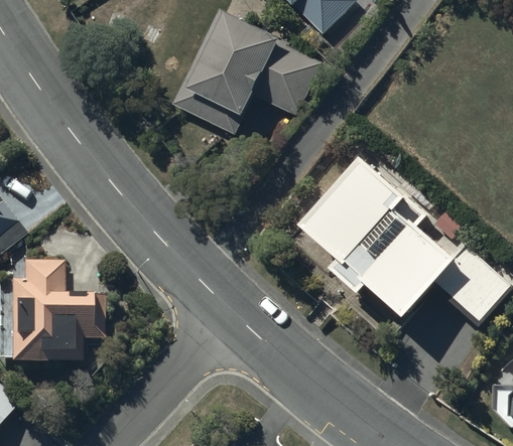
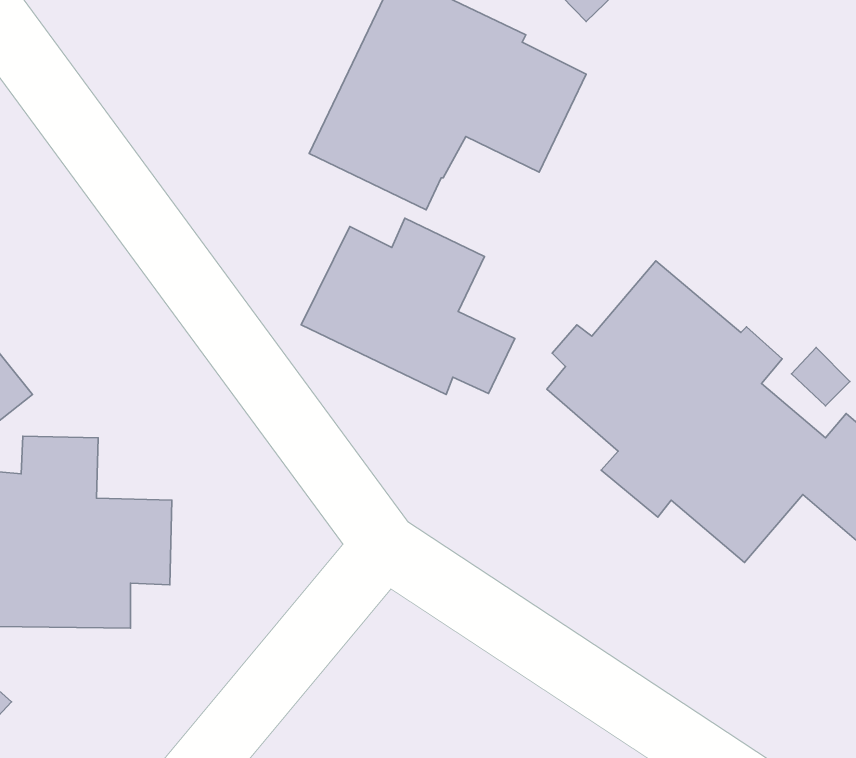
building: none -> [301,218,515,394]

